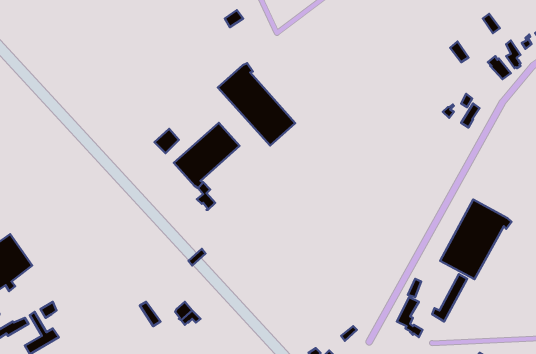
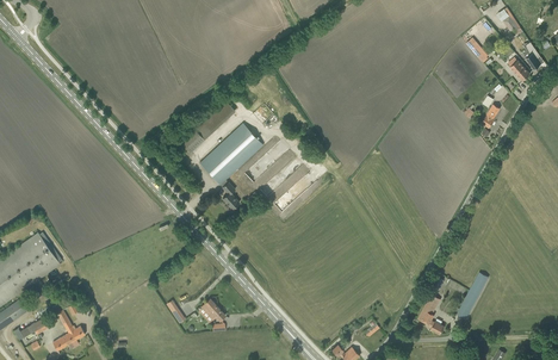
building: [218,63,295,146] -> none
building: [440,200,512,279] -> none

